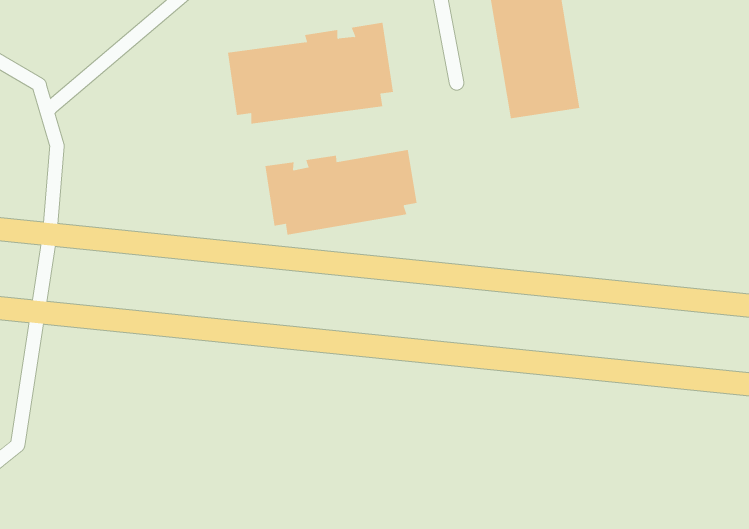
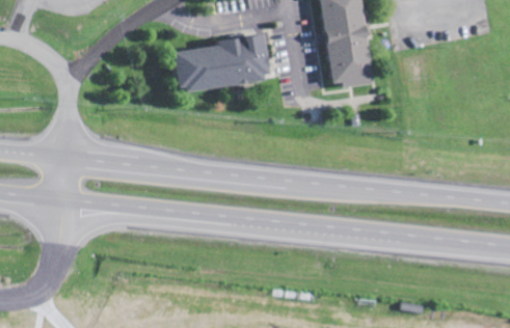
building: [265,149,417,235] -> none

